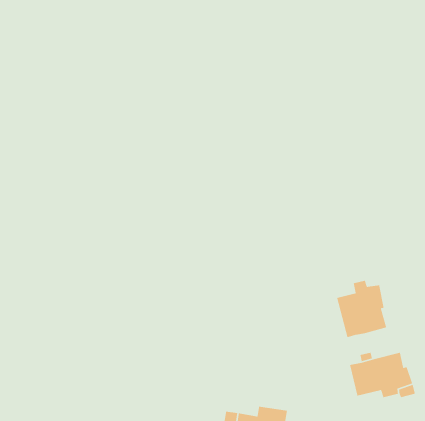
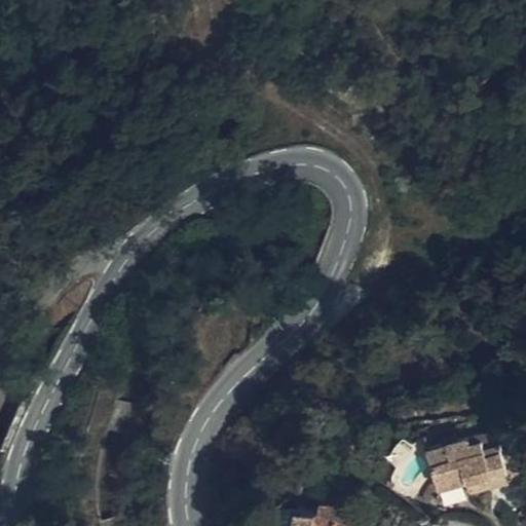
building: [336,280,387,338] -> none

